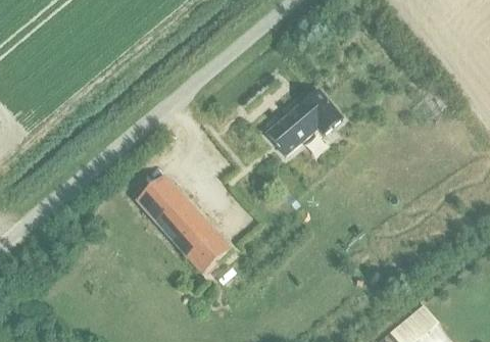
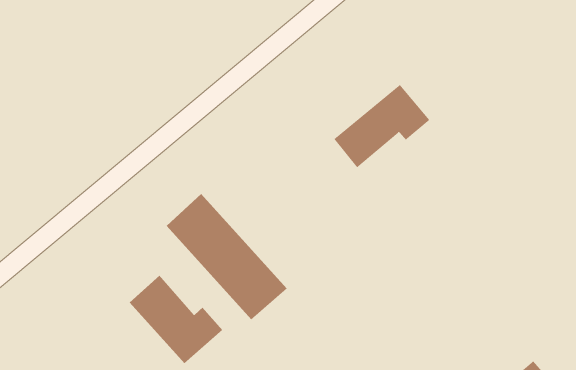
building: none -> [129,275,223,364]

